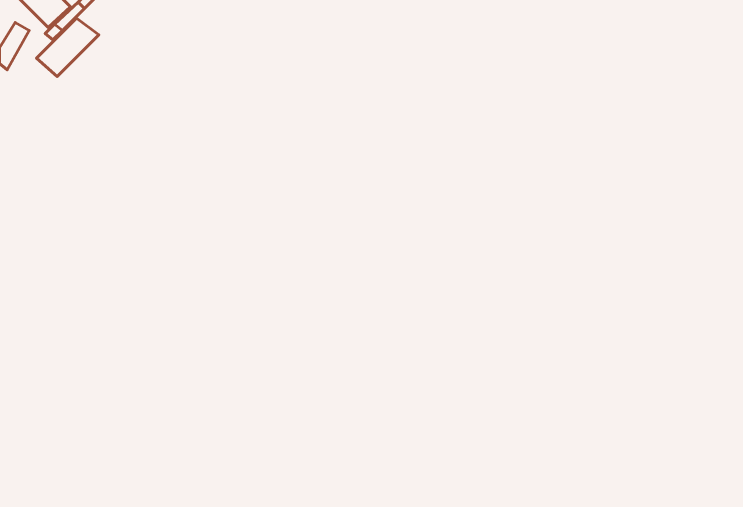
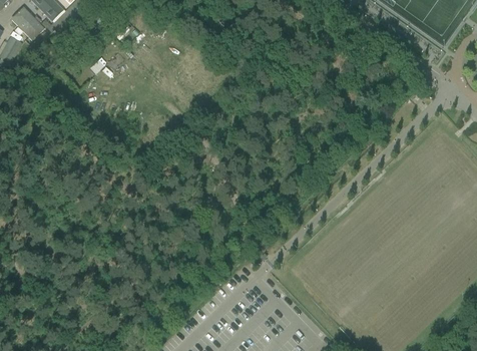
building: [37,18,99,76] -> none

